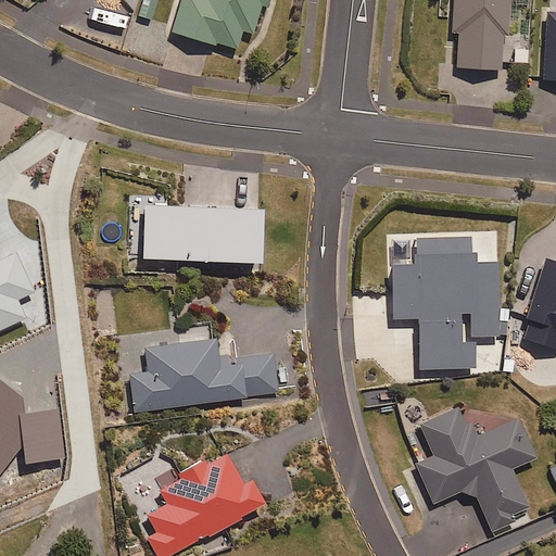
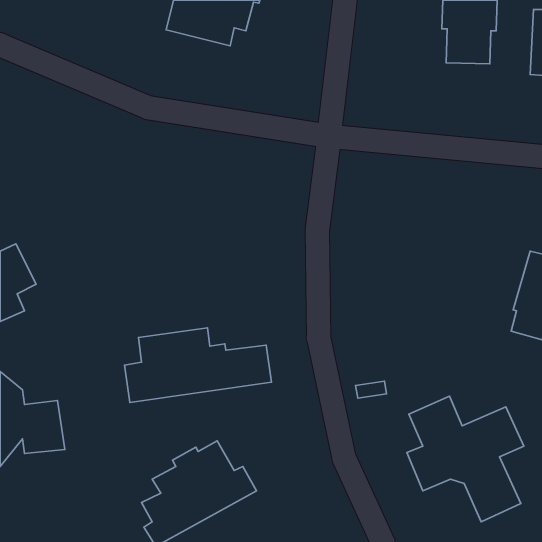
building: [131,197,258,260] -> none
building: [391,236,498,369] -> none

